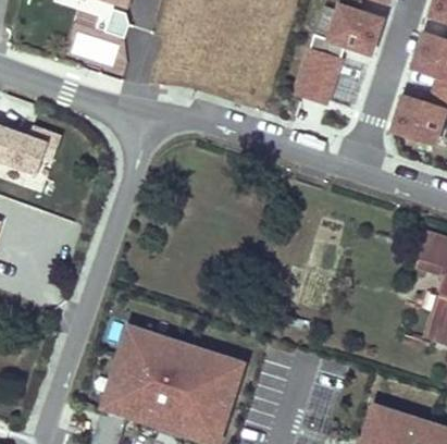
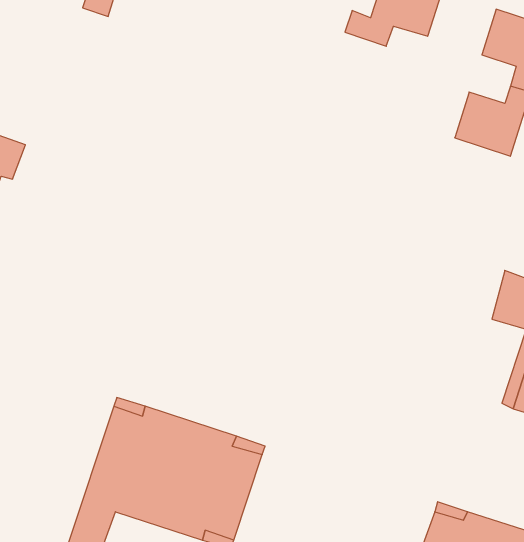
building: [293,50,337,102] -> none

